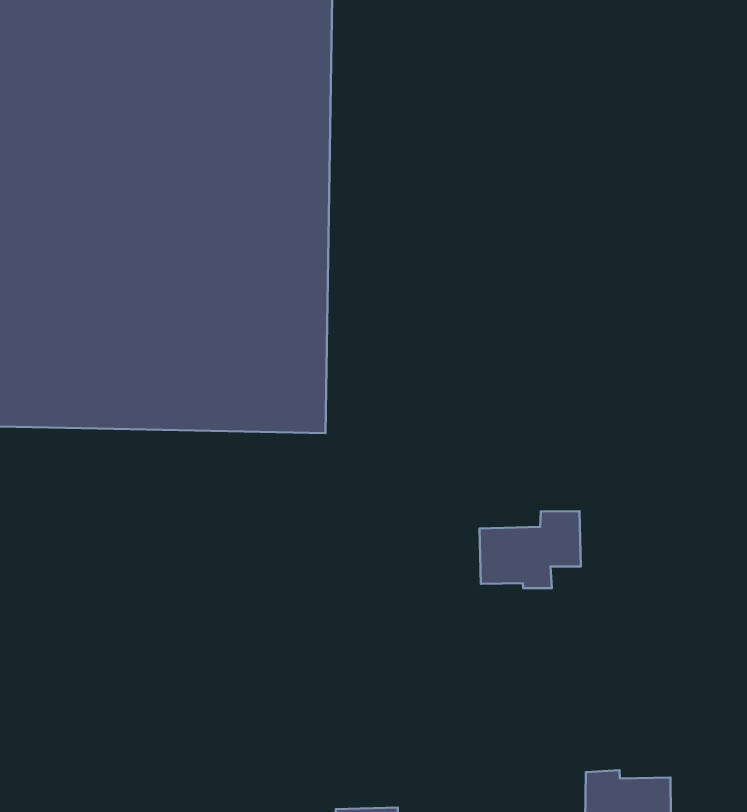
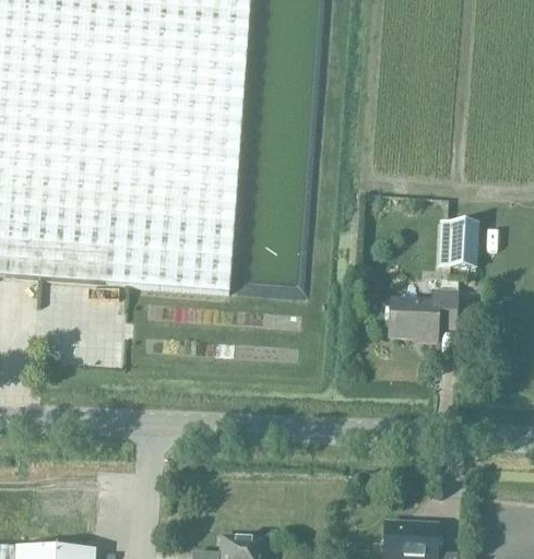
building: none -> [448,225,475,269]
building: [480,511,581,588] -> [389,293,455,343]

